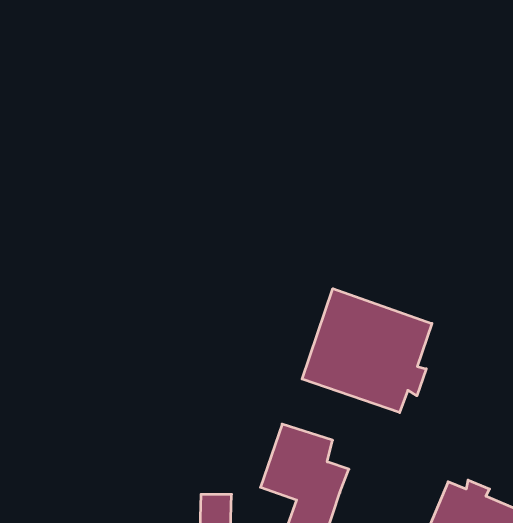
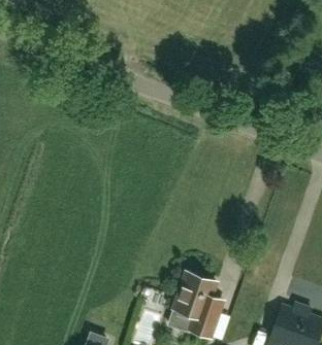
building: [302,289,432,413] -> none

